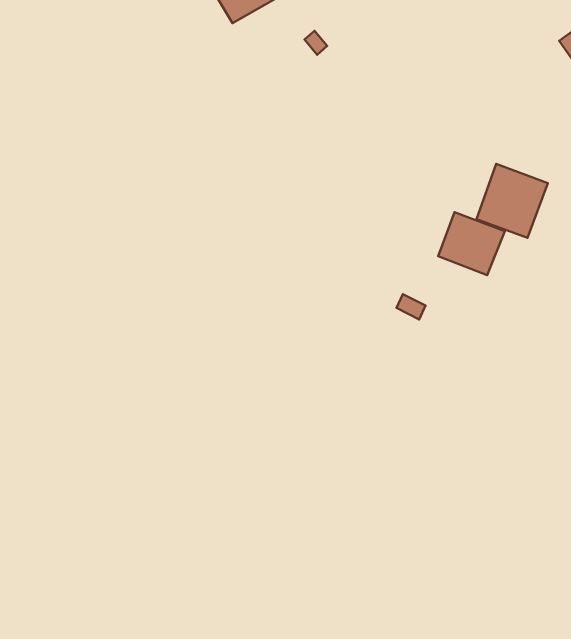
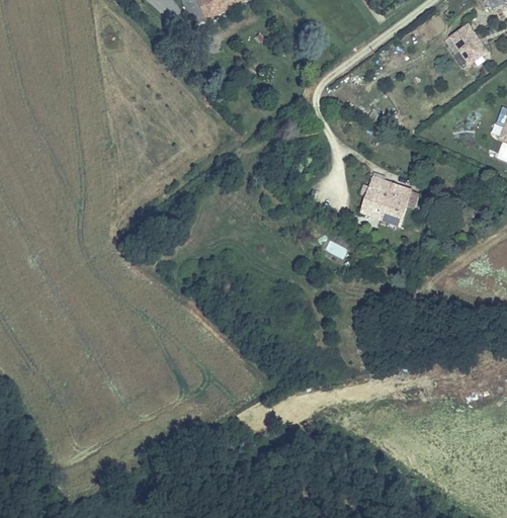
building: [476,164,548,238] -> none

